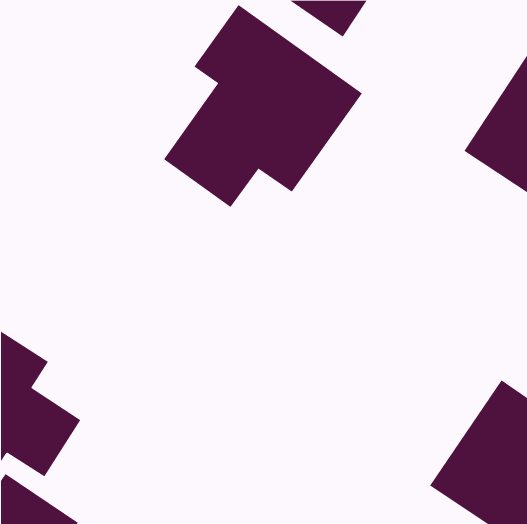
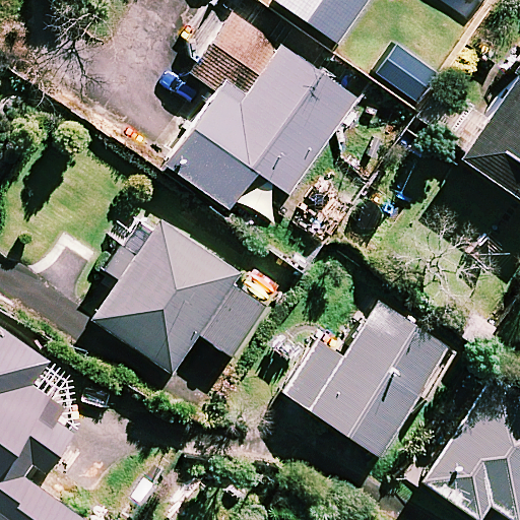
building: none -> [92,220,272,375]
building: none -> [286,305,446,452]

